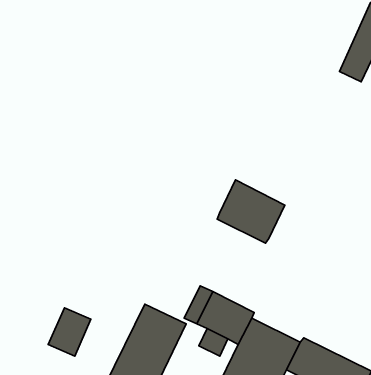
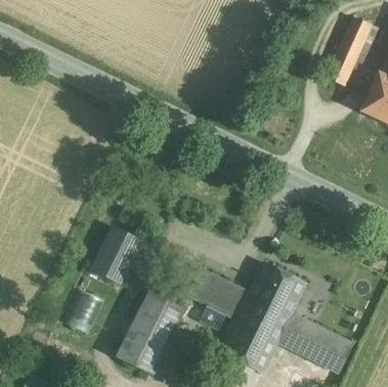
building: [217,180,285,243] -> [247,261,307,317]
building: none -> [91,225,142,284]

